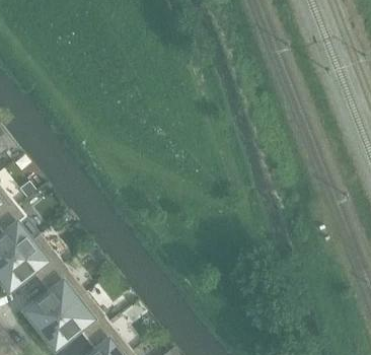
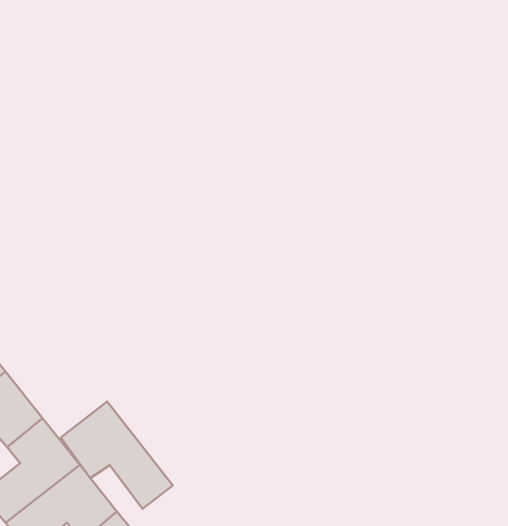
building: none -> [61,402,173,509]

